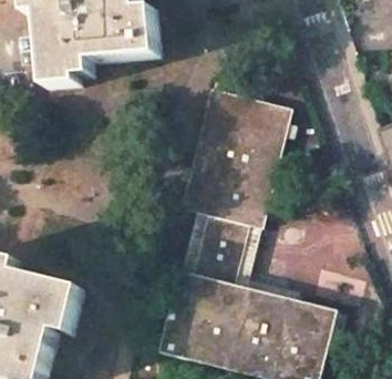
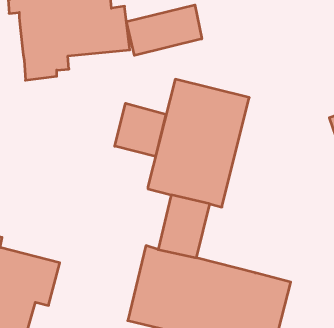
building: none -> [126,5,202,55]
building: none -> [115,103,166,157]

